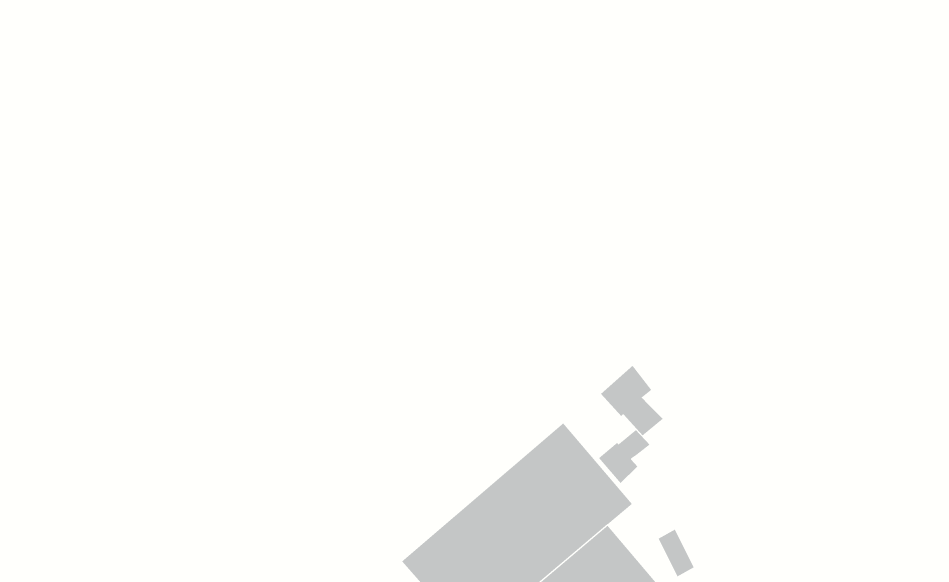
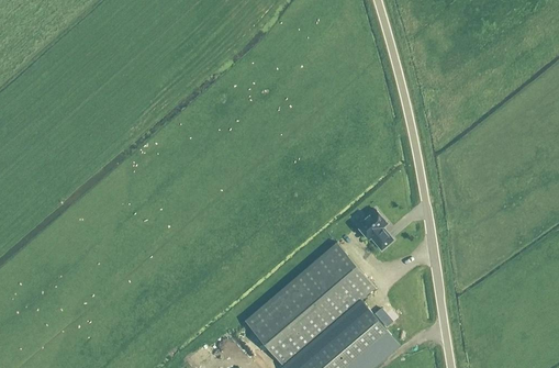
building: [598,429,651,484] -> none

